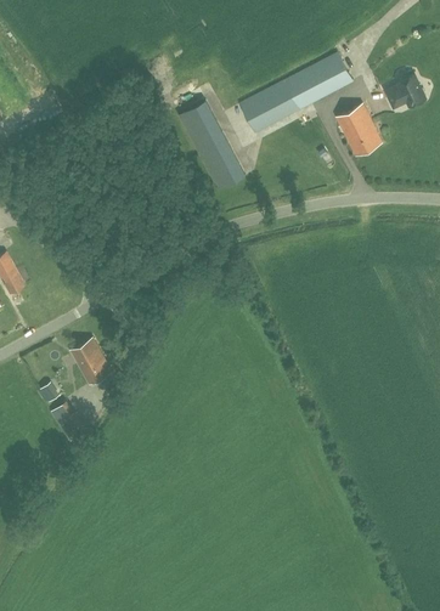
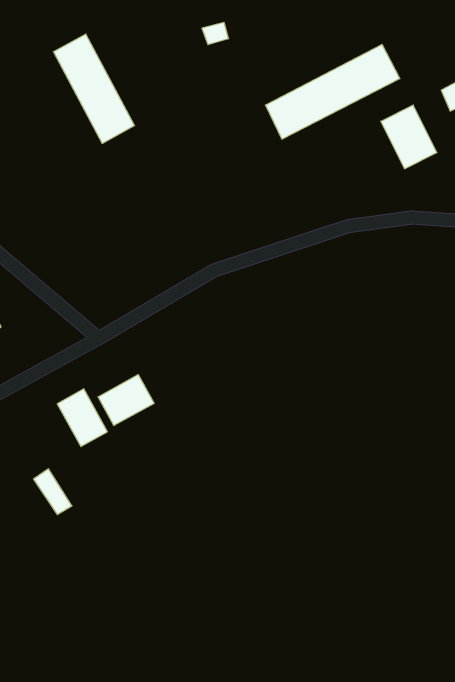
building: [177,100,244,189] -> [53,34,135,143]
building: none -> [98,375,154,426]

